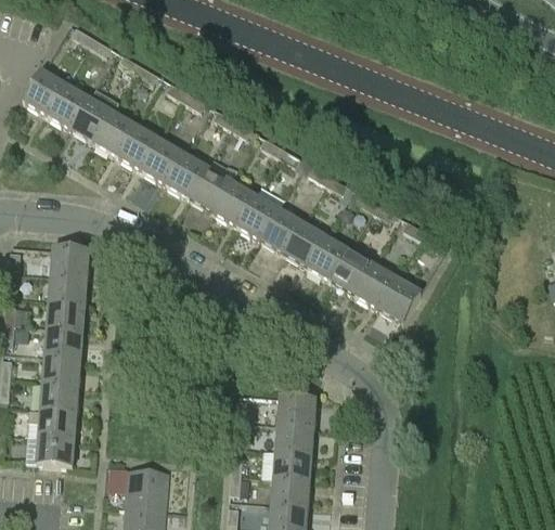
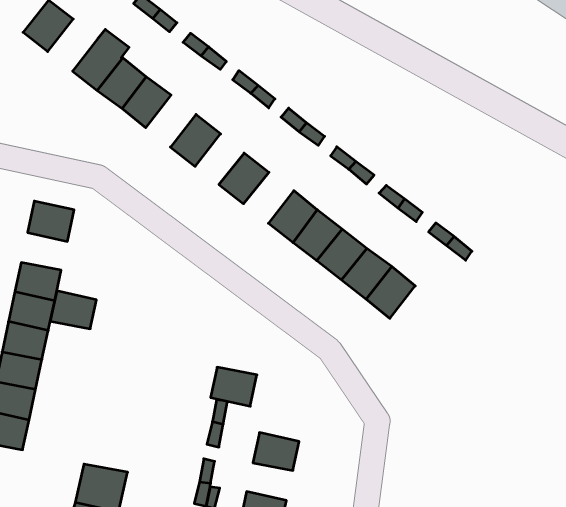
building: [48,82,90,128] -> none
building: [142,138,184,183] -> none
building: [190,166,231,210] -> none
building: [236,194,279,238] -> none
building: [49,274,87,303] -> [50,291,96,329]
building: [377,276,421,322] -> none
building: [276,396,314,426] -> [211,367,257,406]
building: [272,450,310,479] -> none

